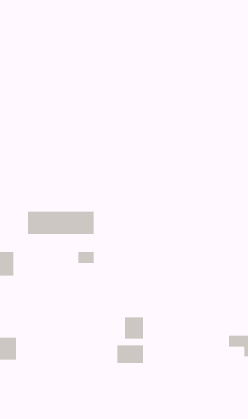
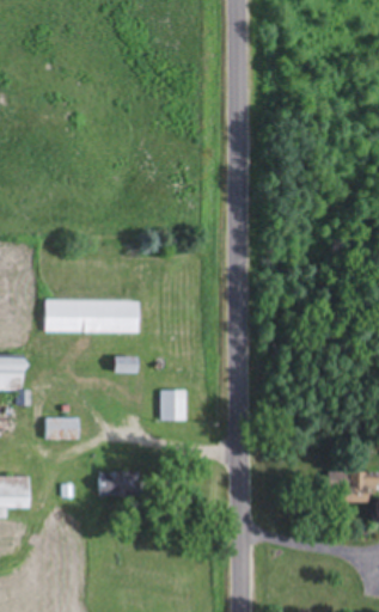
building: none -> [44,418,79,439]
building: [124,317,144,339] -> [159,390,187,421]
building: [116,345,144,364] -> [99,472,137,498]

